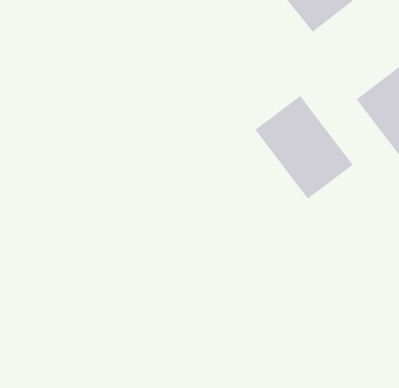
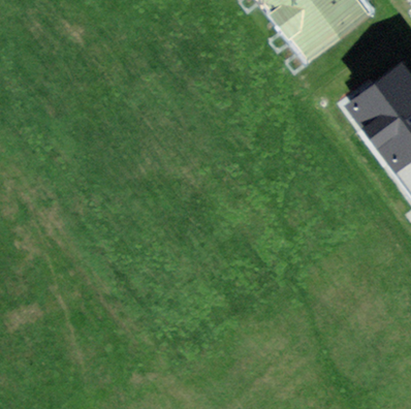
building: [255,95,353,199] -> none

